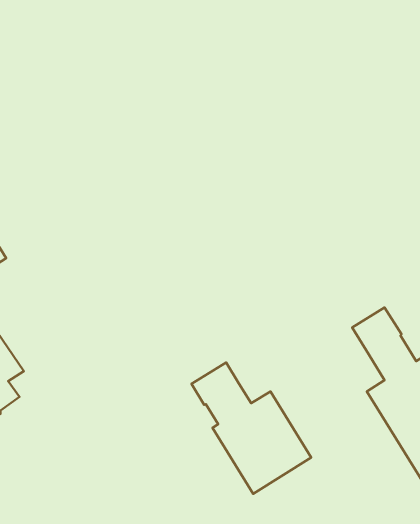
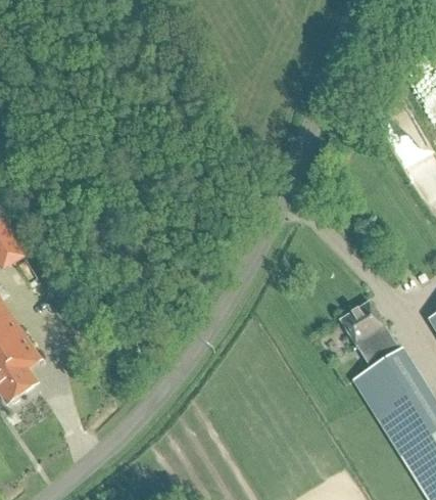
building: [191,363,311,494] -> none

